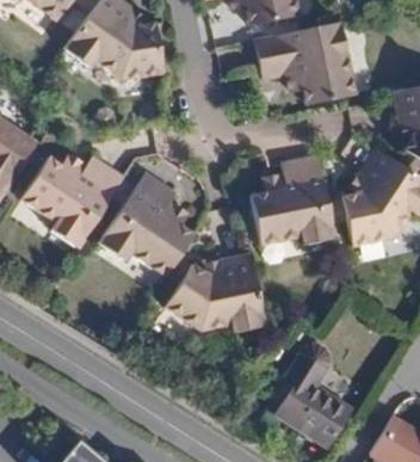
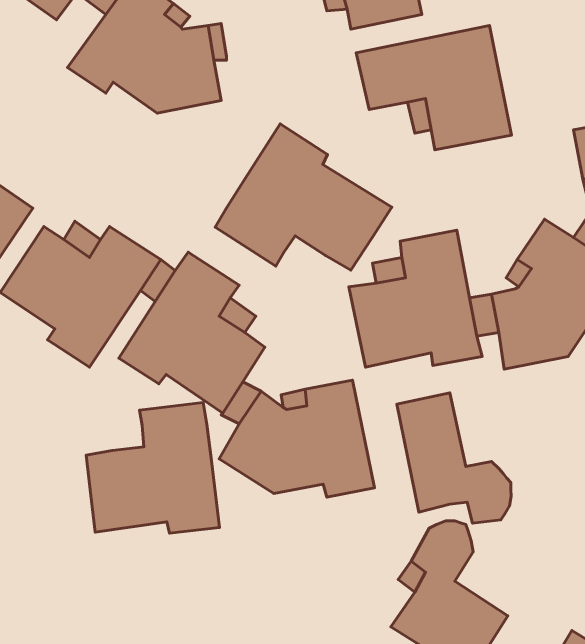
building: none -> [215,124,392,270]
building: none -> [397,393,511,523]
building: none -> [86,403,219,533]

